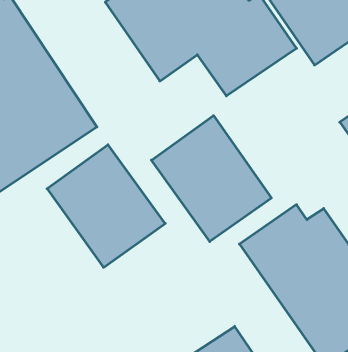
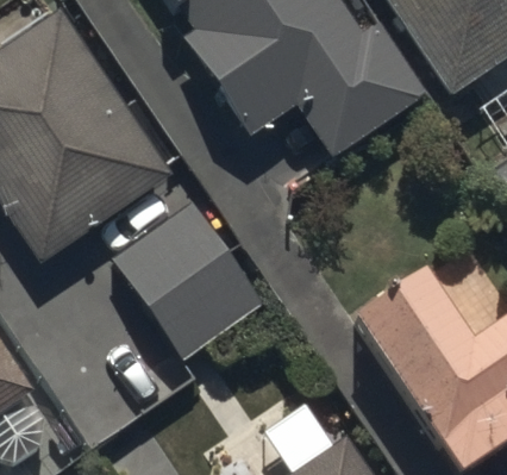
building: [151,116,271,242] -> none

